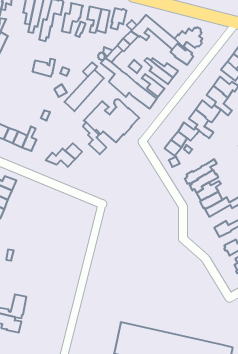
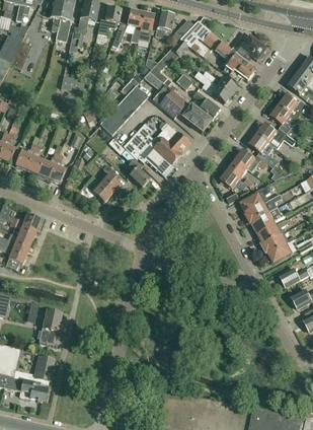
building: none -> [241,184,272,211]
building: none -> [37,309,61,344]

